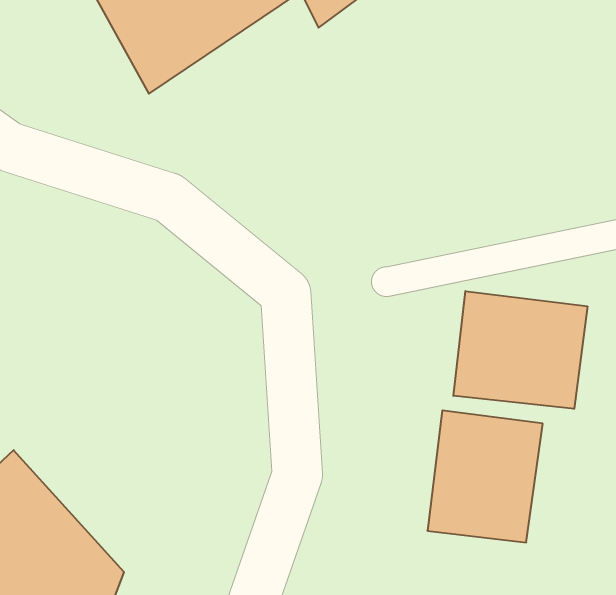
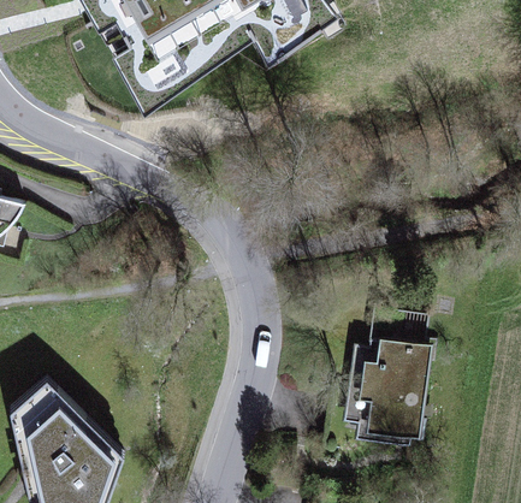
building: [453,291,587,409] -> none

